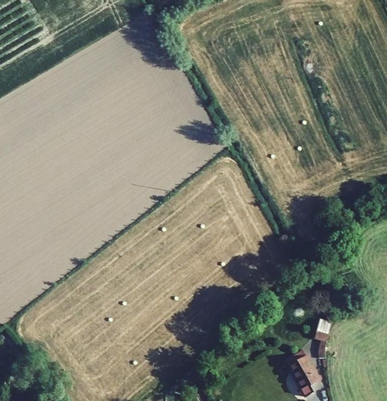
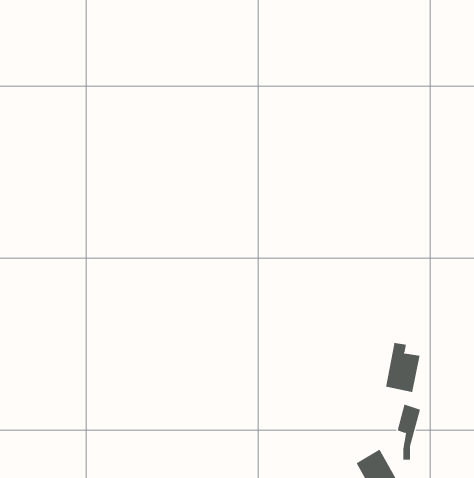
building: none -> [385,342,420,393]

